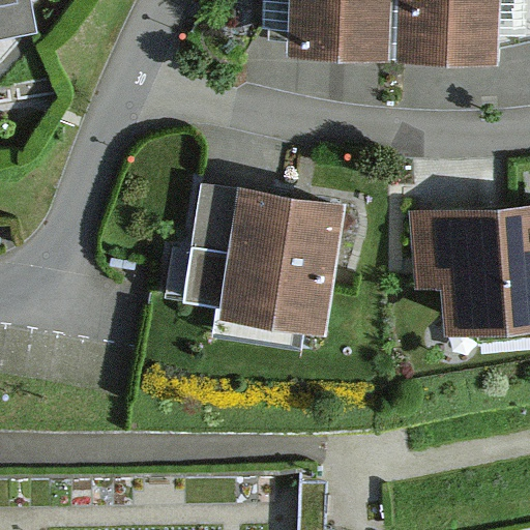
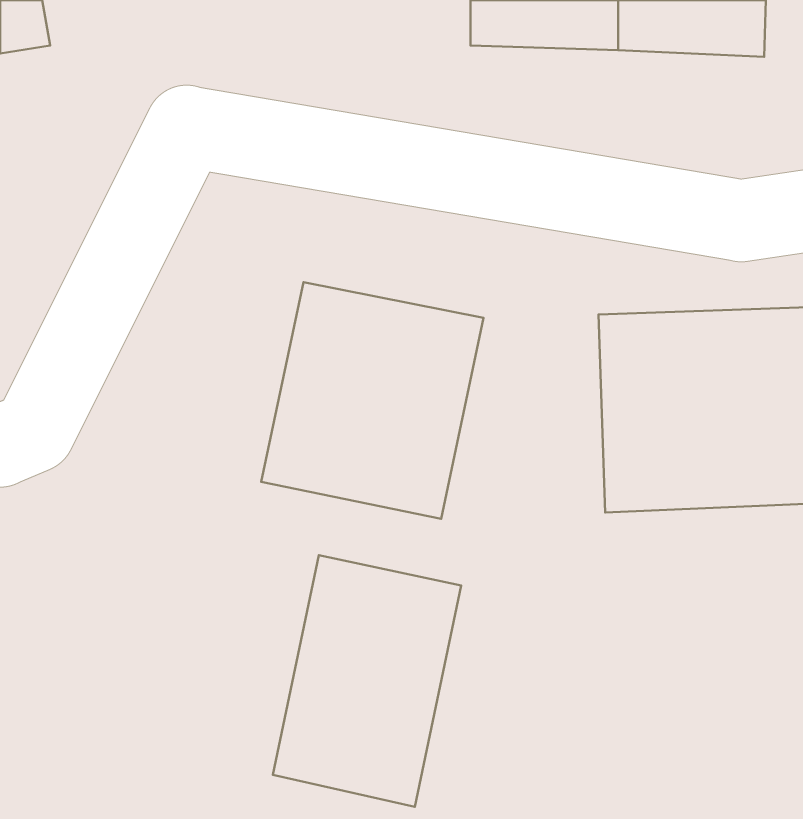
building: none -> [273,555,461,807]

